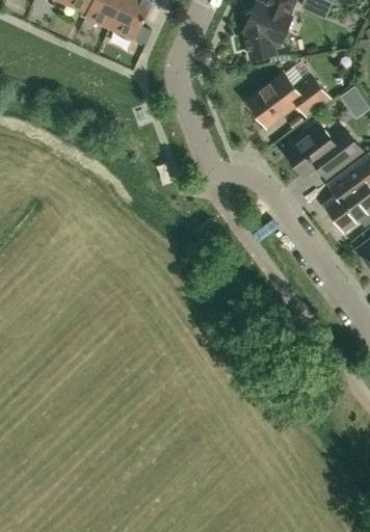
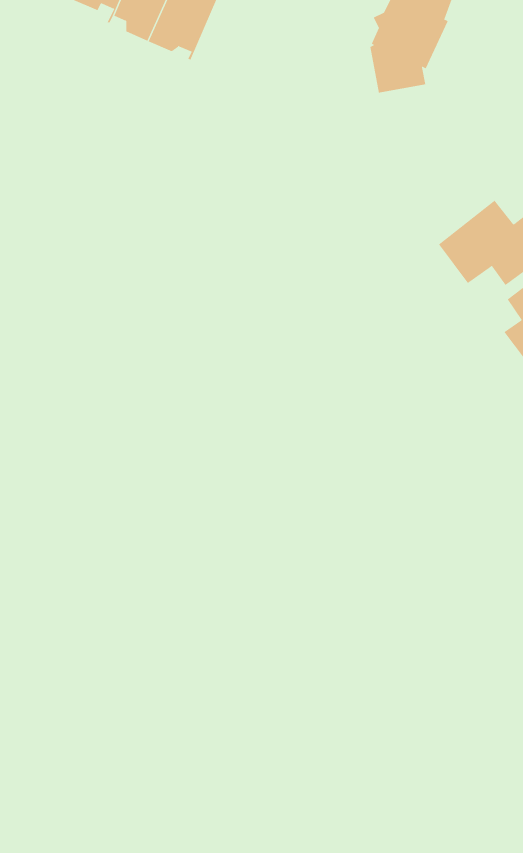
building: [248,74,328,126] -> none

